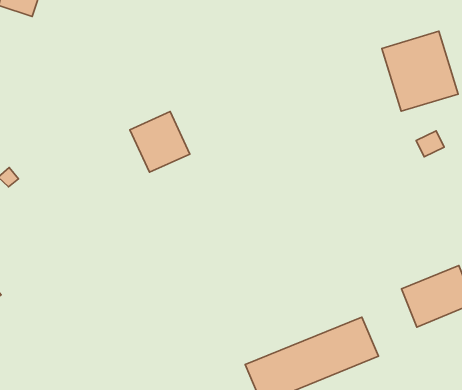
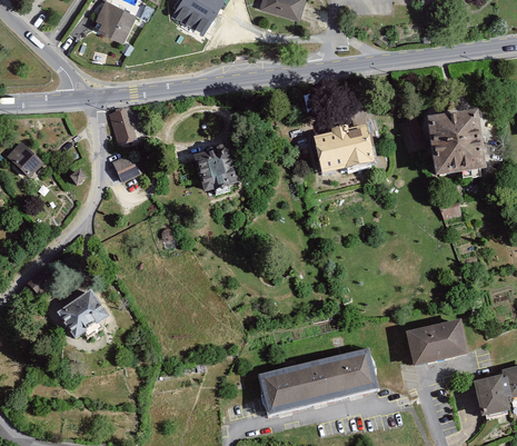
building: none -> [312,126,374,175]
building: none -> [110,109,139,148]
building: none -> [112,155,141,184]
building: none -> [54,293,107,341]

